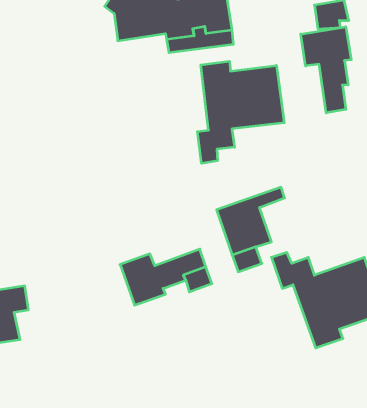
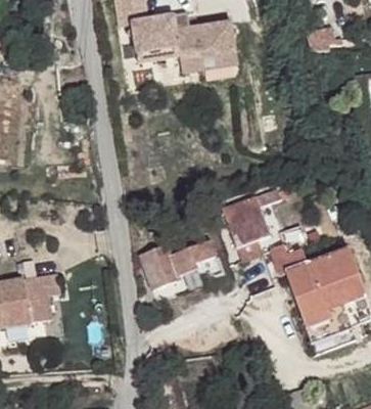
building: [301,27,351,113] -> none
building: [197,61,284,163] -> none

